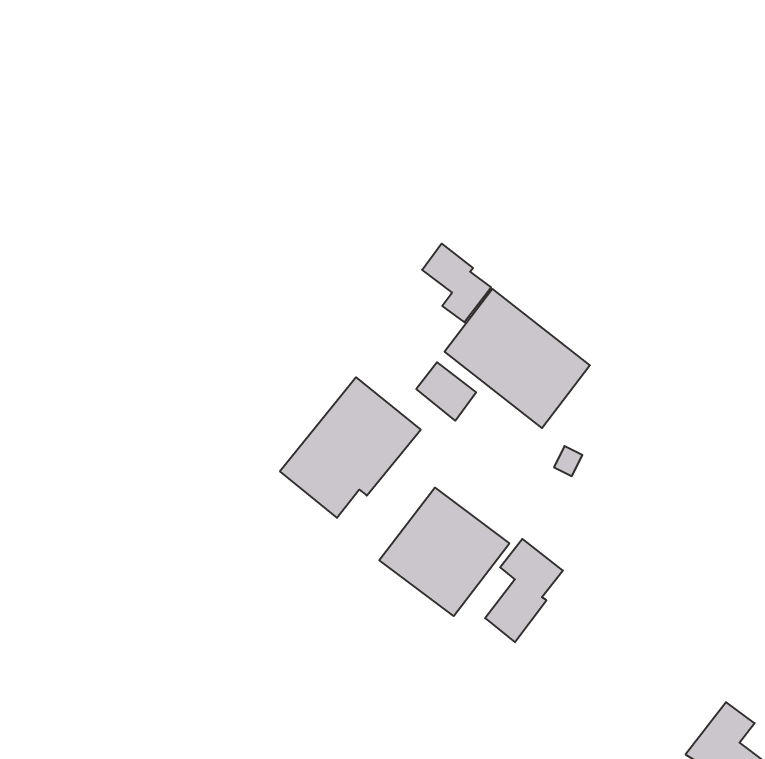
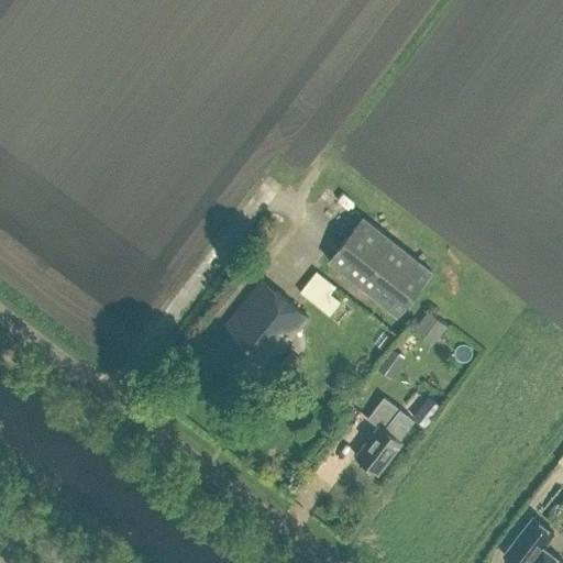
building: [422,244,491,322] -> none
building: [379,488,509,616] -> none

